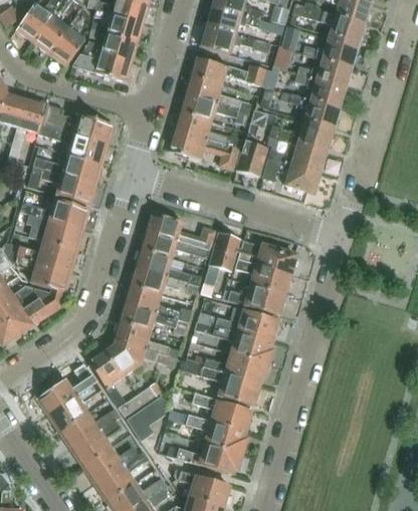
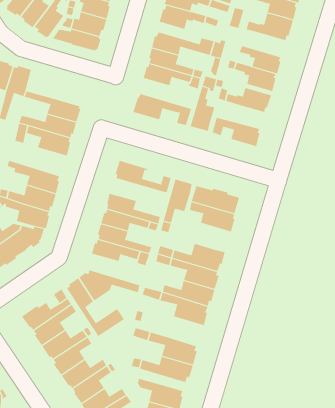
building: [297,60,352,88] -> none
building: [41,105,114,147] -> none
building: [176,113,241,150] -> none
building: [267,146,327,174] -> none
building: [20,199,89,230] -> none
building: [140,232,209,259] -> none
building: [226,285,285,316] -> none
building: [114,322,180,359] -> none
building: [192,395,250,433] -> none
building: [127,397,168,442] -> none

